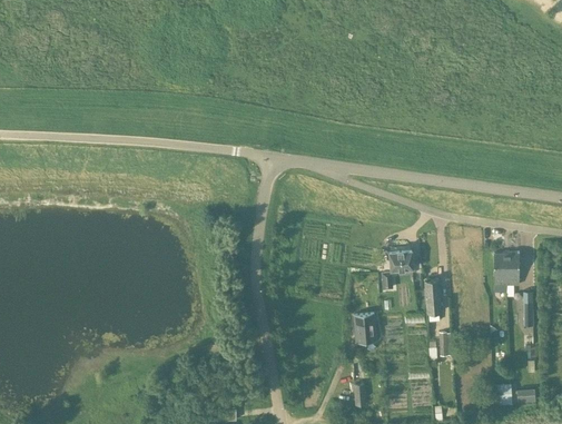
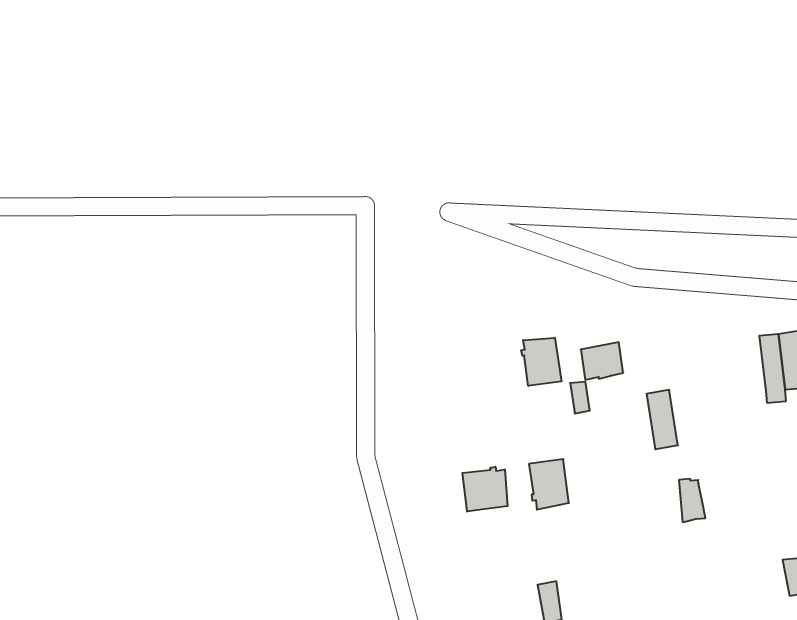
building: none -> [521,338,561,386]
building: none -> [462,467,507,512]

